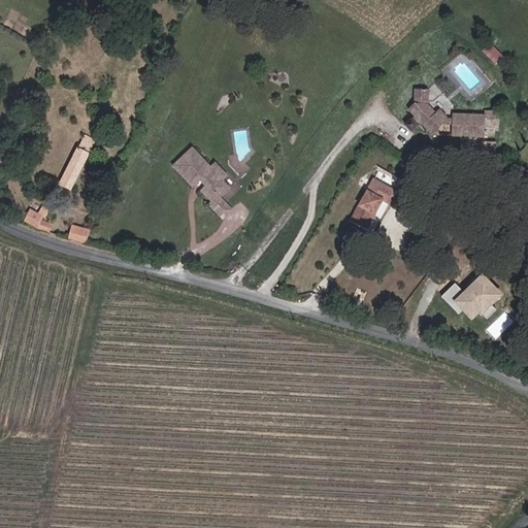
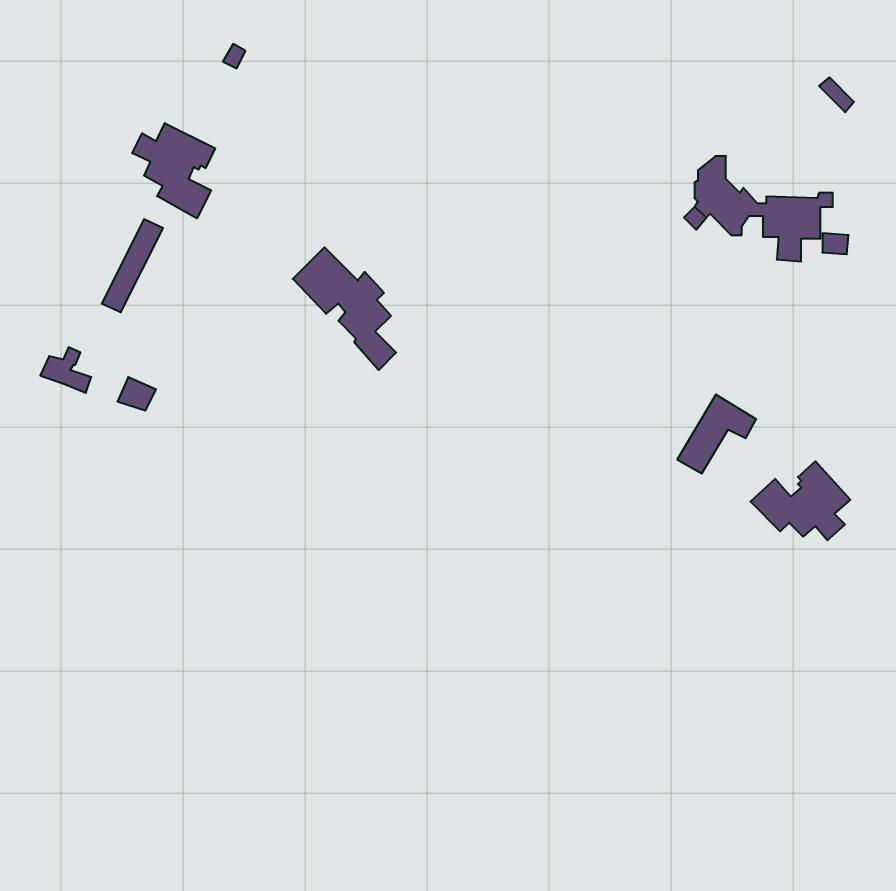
building: none -> [132,123,215,218]
building: [353,176,399,223] -> [677,394,756,473]

